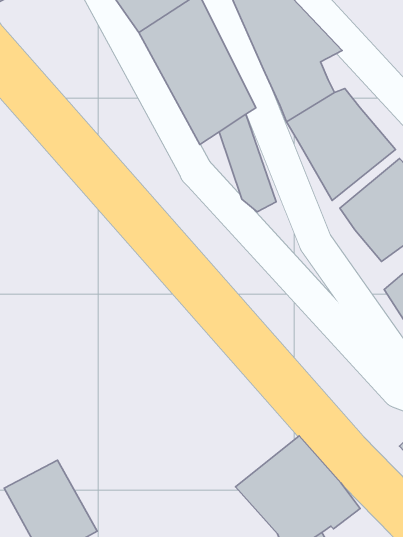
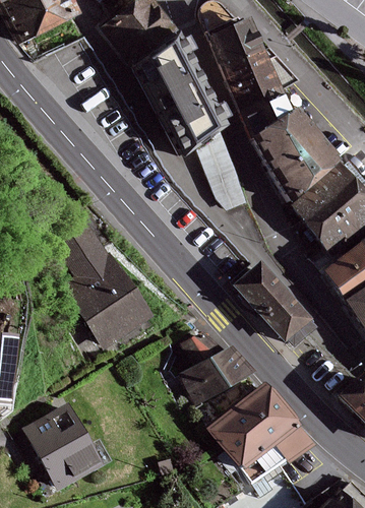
building: none -> [58,226,147,346]
building: none -> [236,264,310,341]
building: none -> [179,337,248,403]

